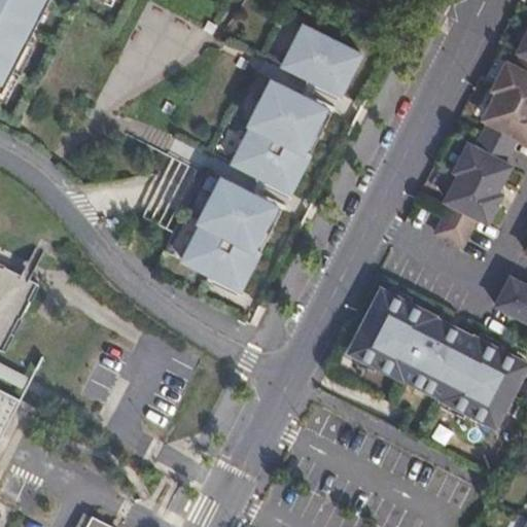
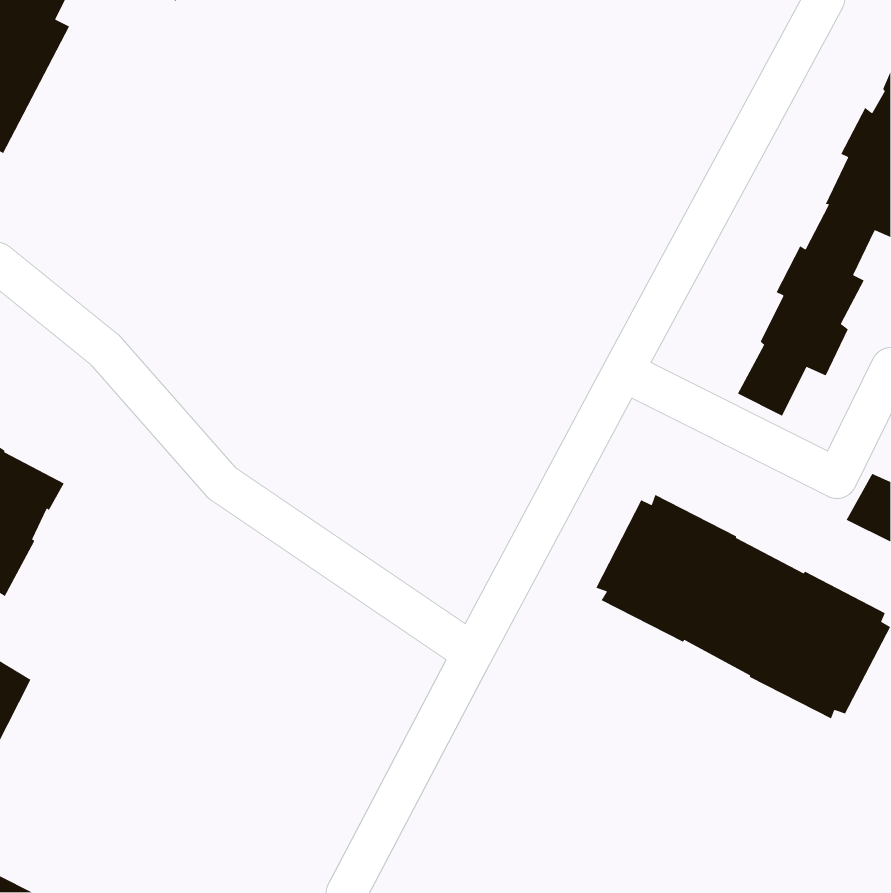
building: [281,24,360,95] -> none
building: [231,83,330,191] -> none
building: [181,180,280,289] -> none

